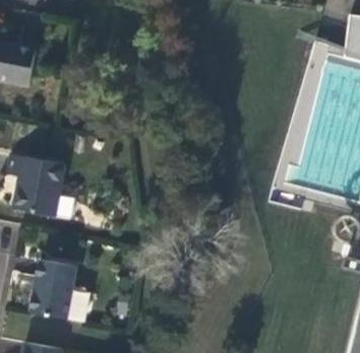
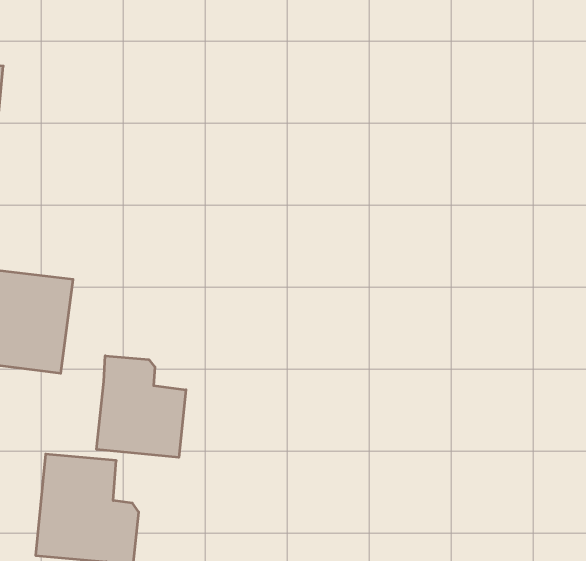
building: none -> [97,356,186,457]

